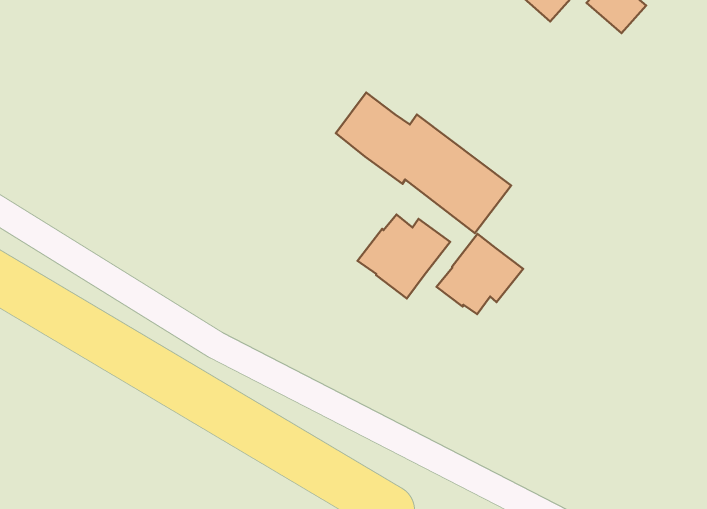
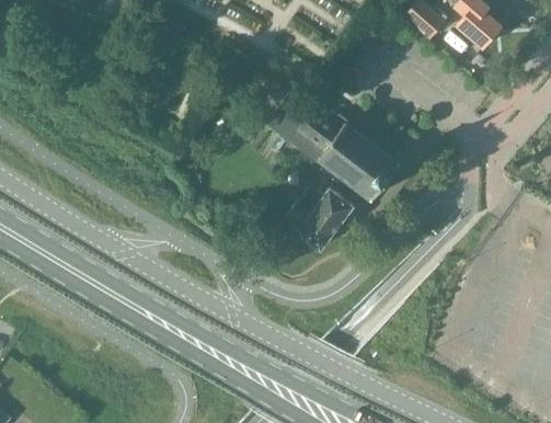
building: [437,234,523,314] -> none

